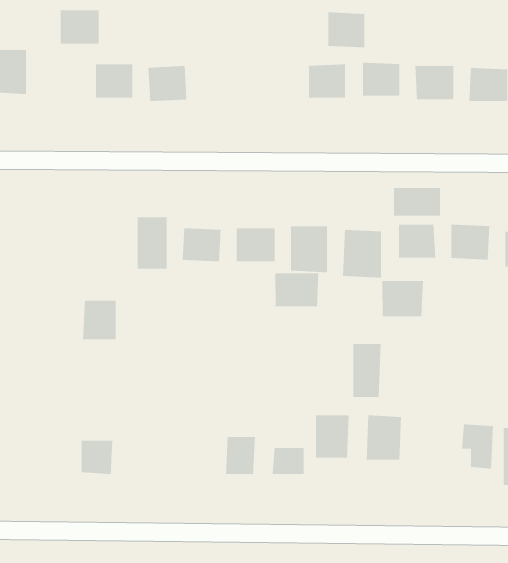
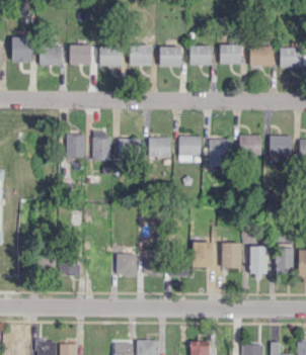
building: [60,10,99,44] -> [40,47,62,66]
building: [327,12,365,48] -> [160,47,181,67]
building: none -> [130,46,152,66]
building: [393,187,440,217] -> none
building: [275,273,319,307] -> none
building: [382,280,423,317] -> none
building: [82,300,116,340] -> [66,136,85,158]
building: [353,344,381,398] -> [250,247,266,277]
building: none -> [119,254,137,277]

